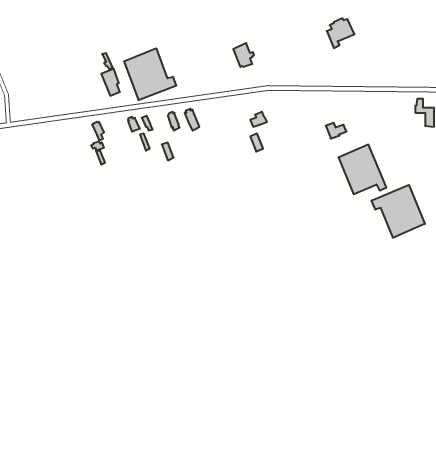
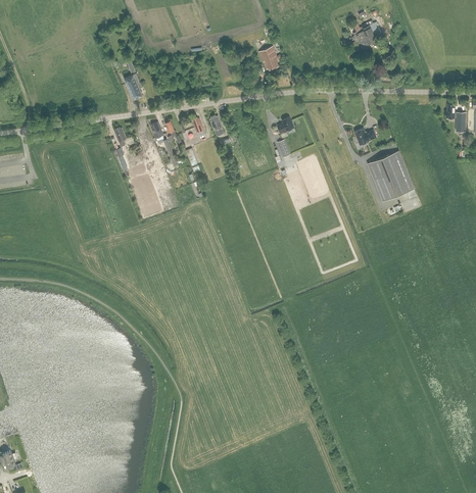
building: [124,48,176,100] -> none
building: [372,185,425,238] -> none

